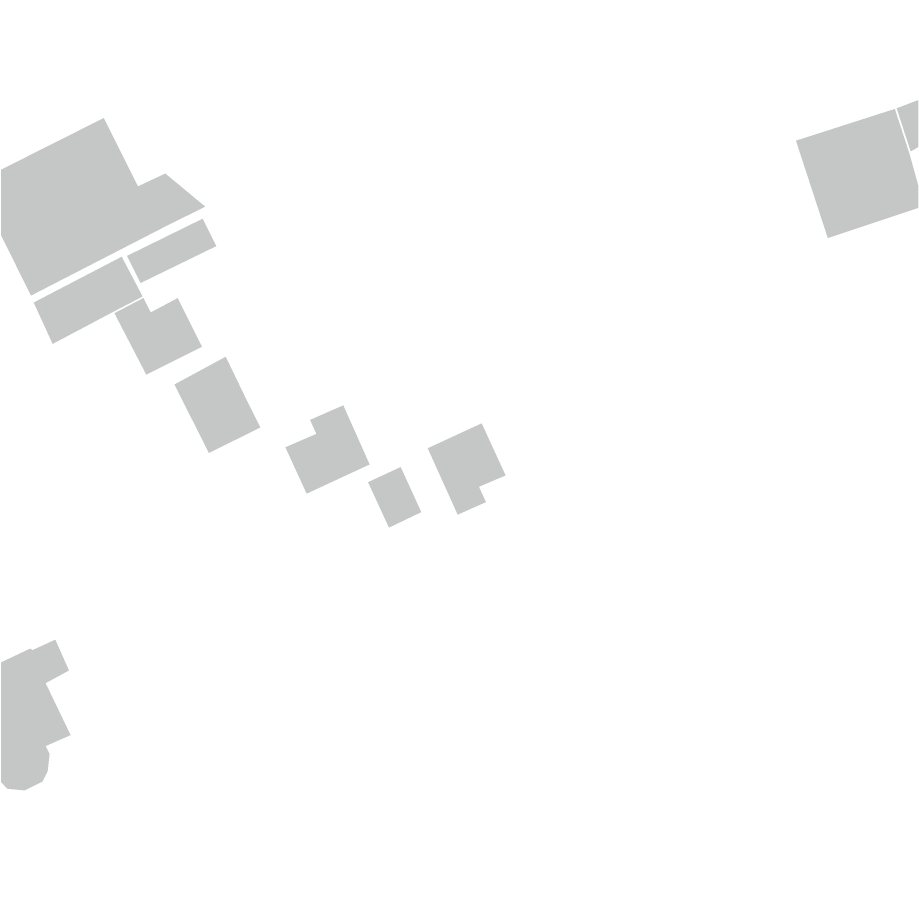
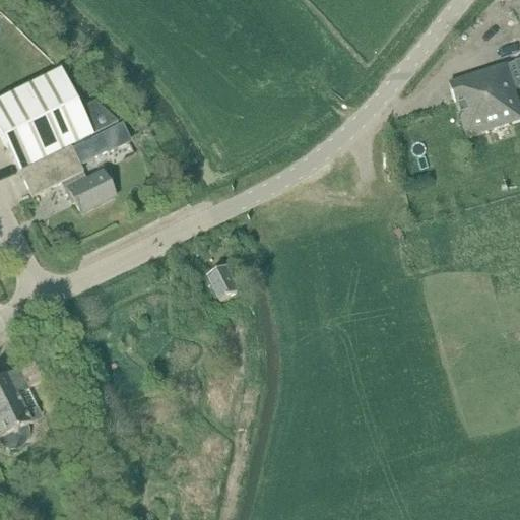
building: [173,355,261,454] -> none
building: [284,404,371,495] -> none
building: [426,422,507,516] -> none

